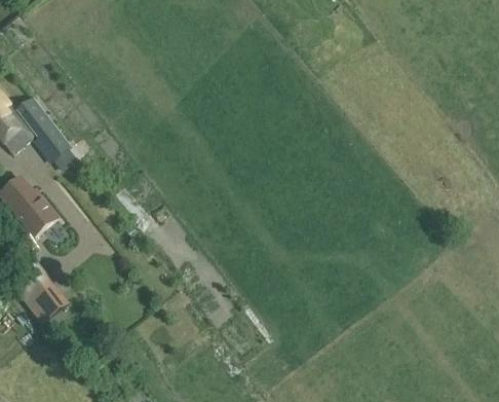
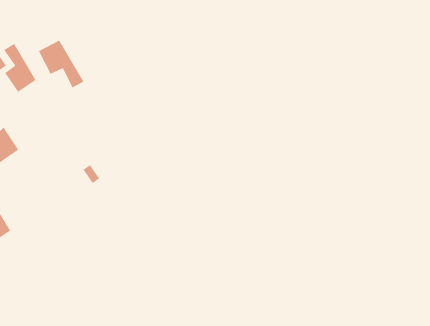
building: none -> [38,39,85,88]

